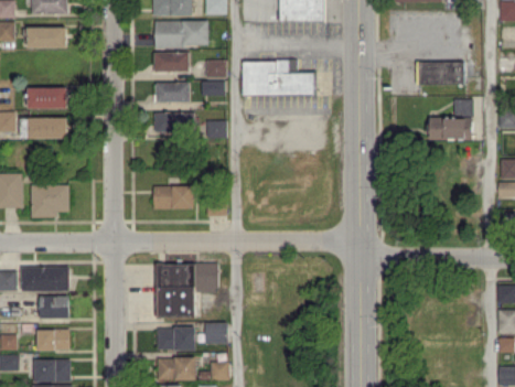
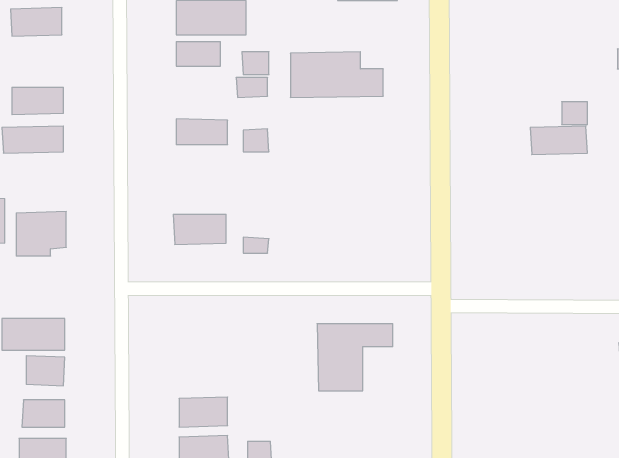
building: [417,62,464,85] -> none
building: [154,82,191,103] -> none
building: [159,267,217,319] -> [317,324,393,391]
building: [205,323,227,344] -> none

